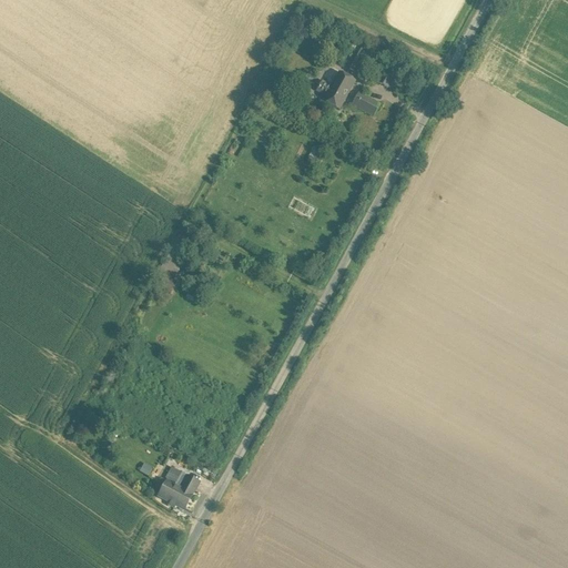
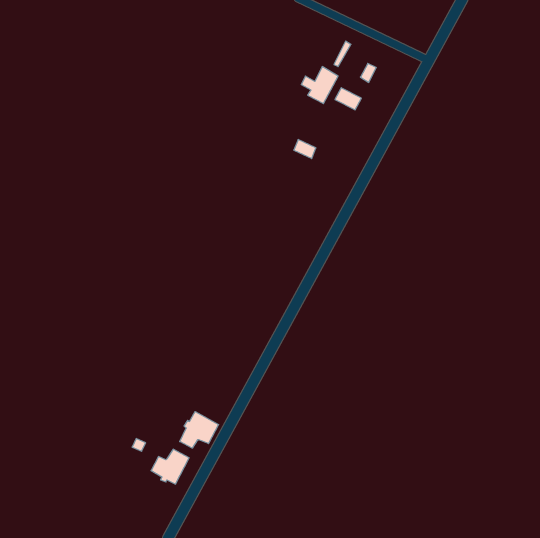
building: none -> [180,412,219,448]

